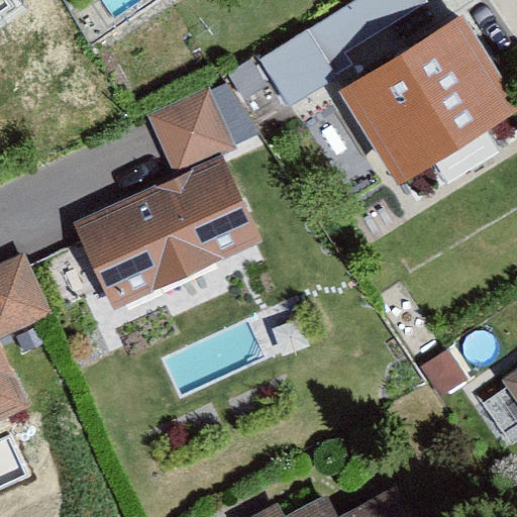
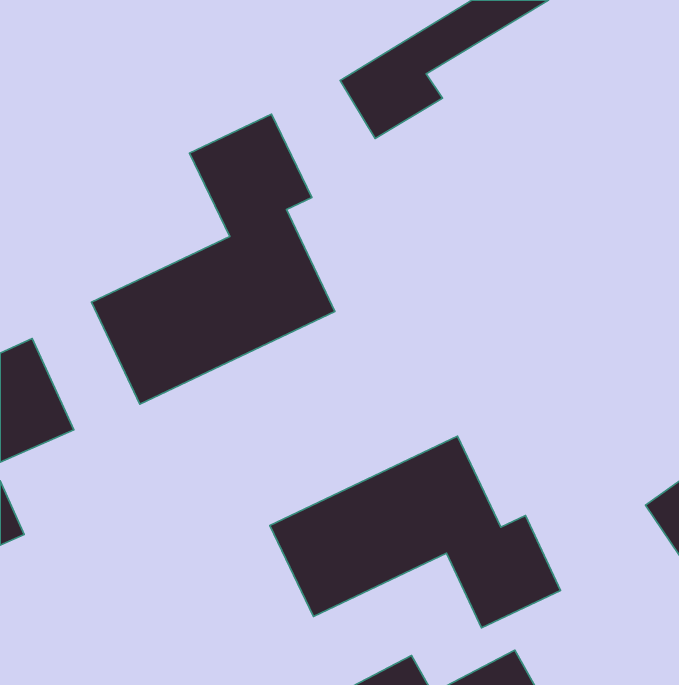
building: [331,13,512,185] -> none
building: none -> [270,436,561,628]

